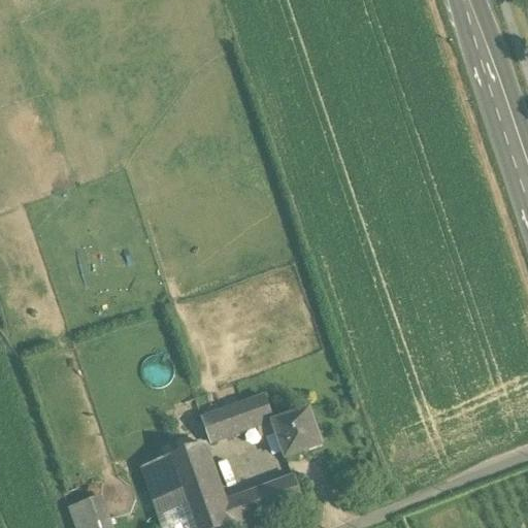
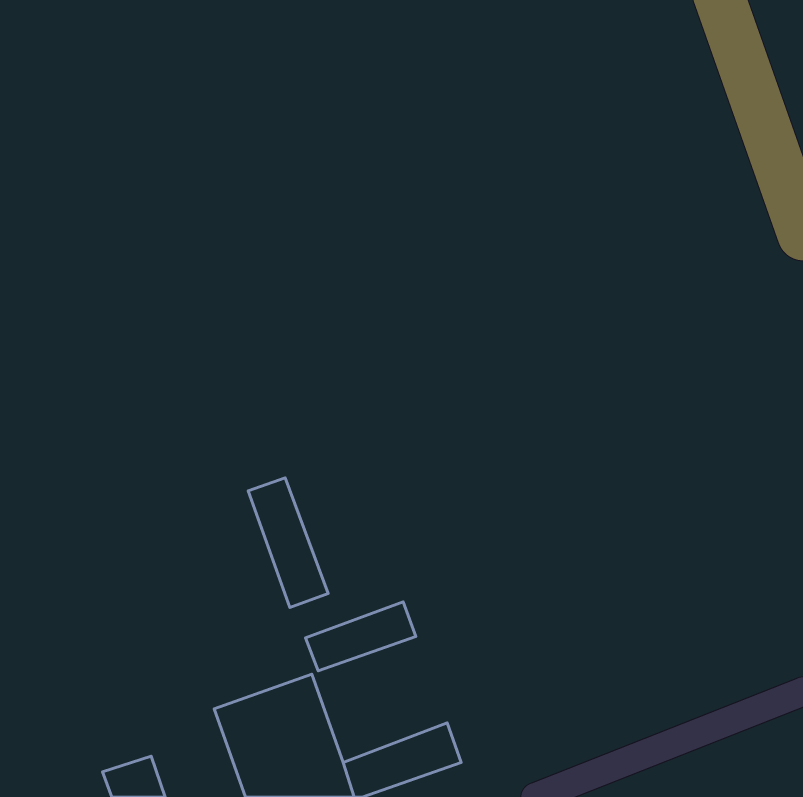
building: none -> [248,478,328,607]
building: [272,408,320,456] -> none

